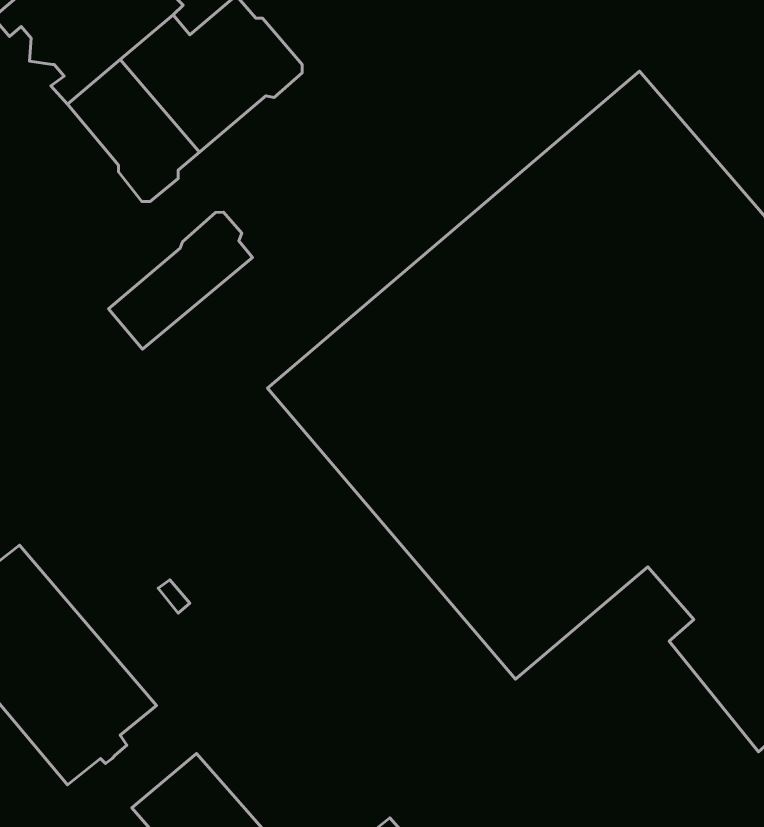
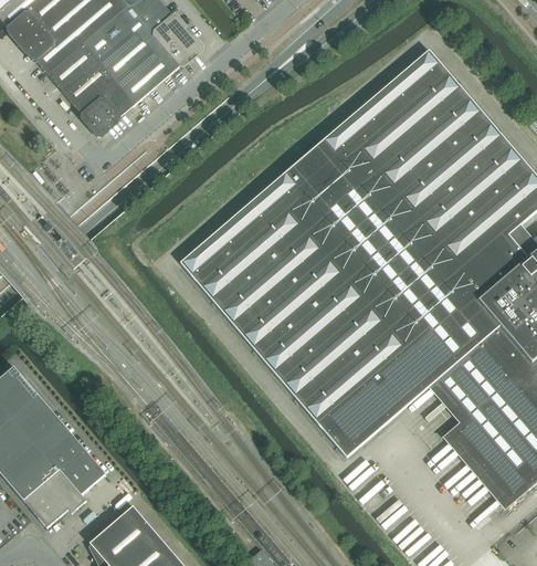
building: [108,212,253,349] -> none

